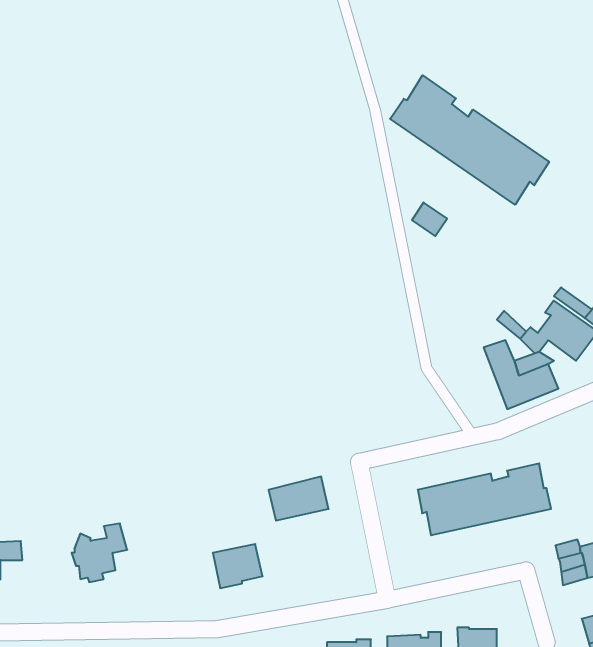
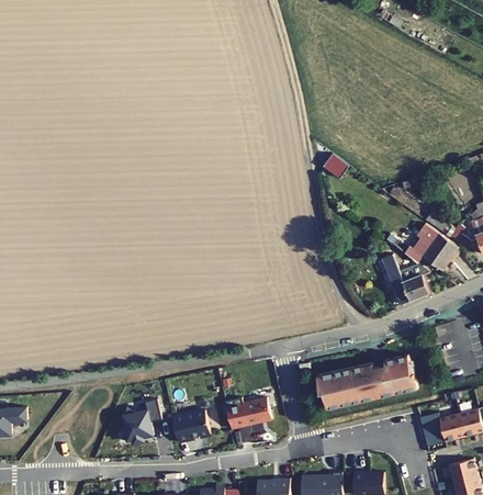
building: [390,75,549,205] -> none
building: [269,477,329,521] -> [227,398,272,431]
building: [72,523,127,582] -> [120,400,161,443]

